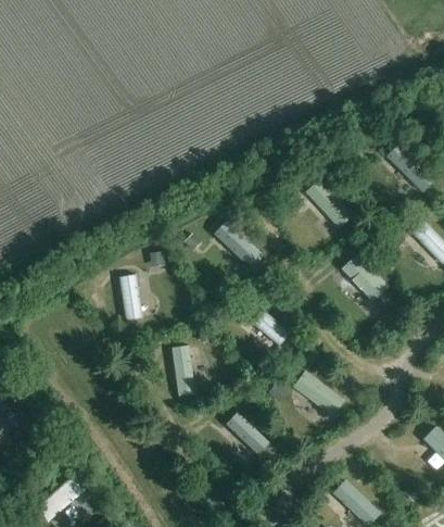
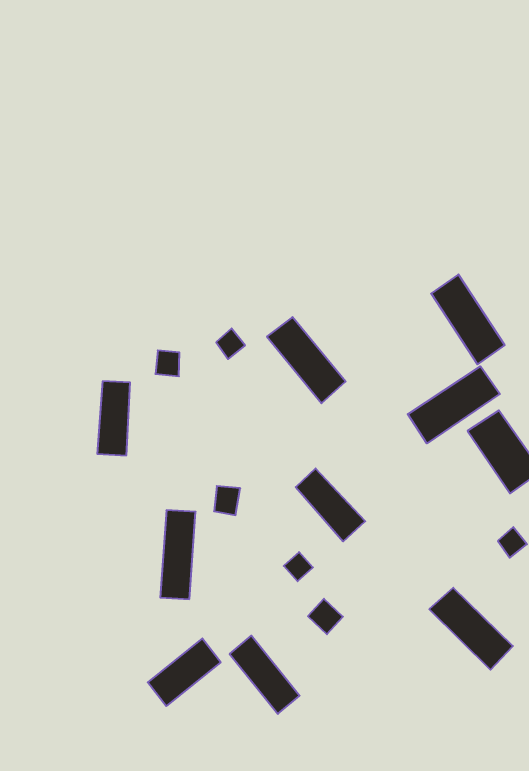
building: none -> [408,366,500,443]
building: [294,372,347,416] -> [429,588,513,670]
building: none -> [148,638,221,706]

